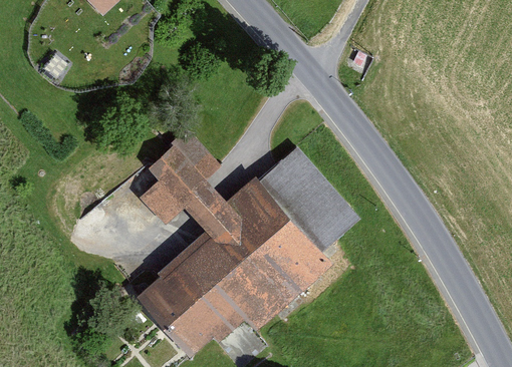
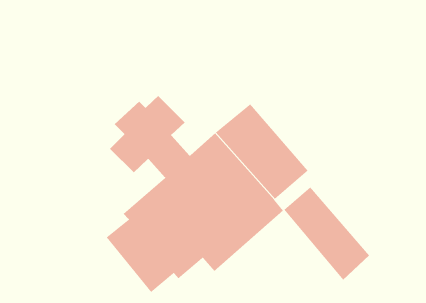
building: none -> [283,186,370,280]

